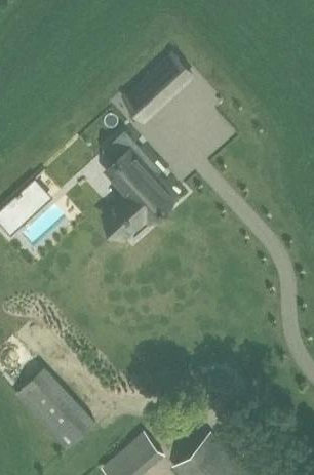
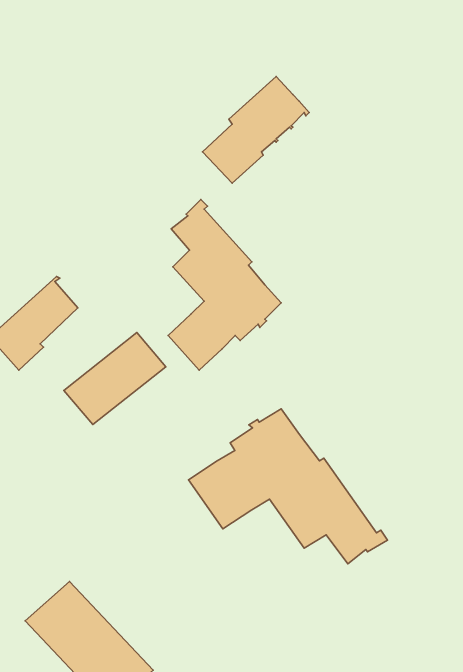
building: none -> [64,332,166,425]
building: none -> [188,409,387,564]

